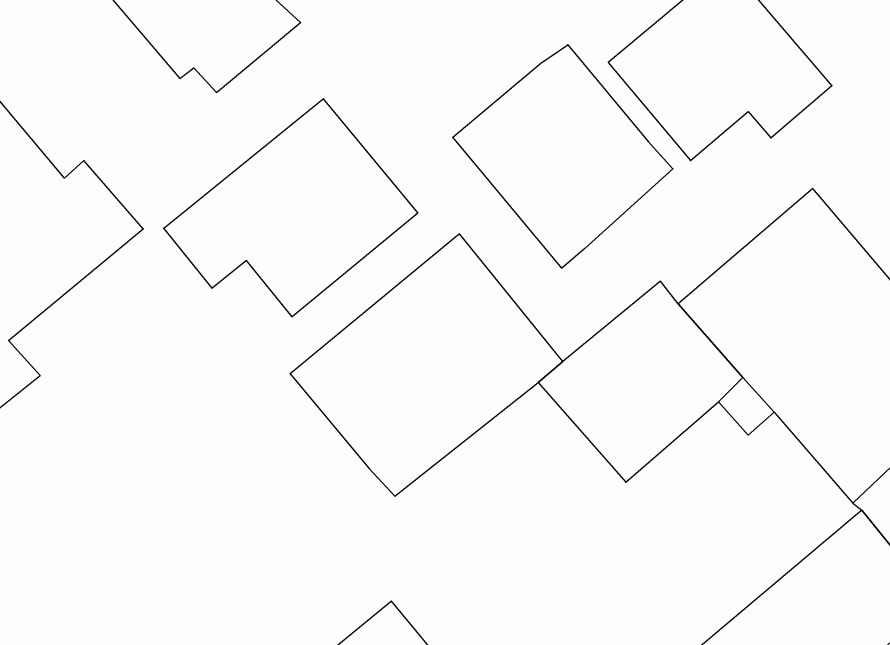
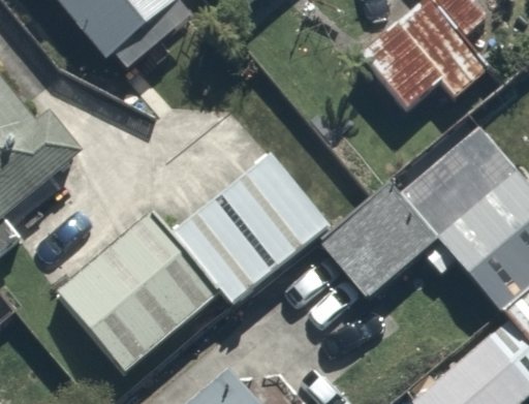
building: [453,45,673,268] -> none
building: [164,99,418,317] -> none
building: none -> [56,211,218,372]

